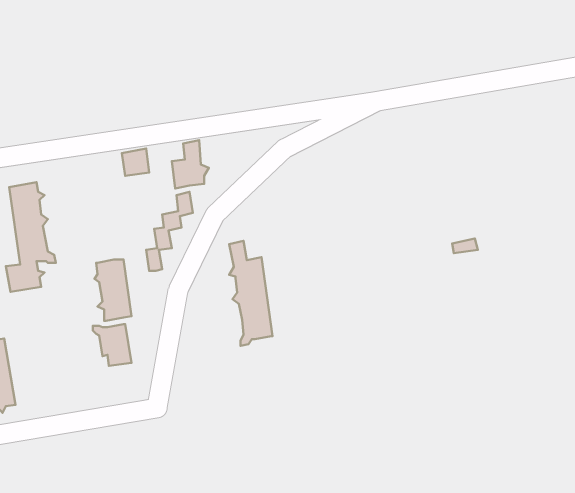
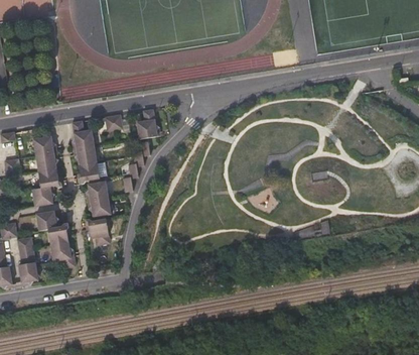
building: [229,241,273,346] -> [72,120,99,186]
building: none -> [35,208,78,263]

